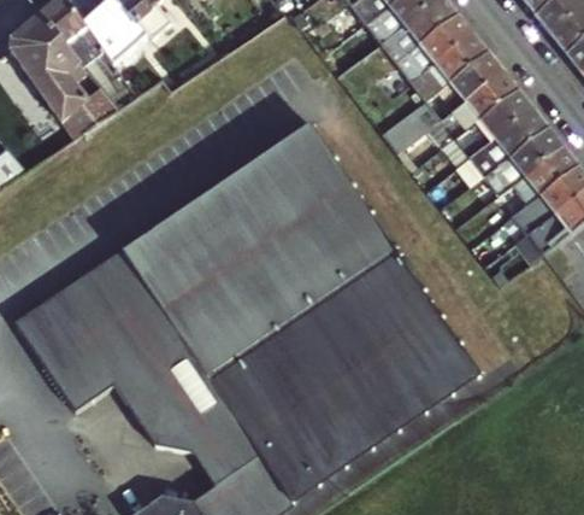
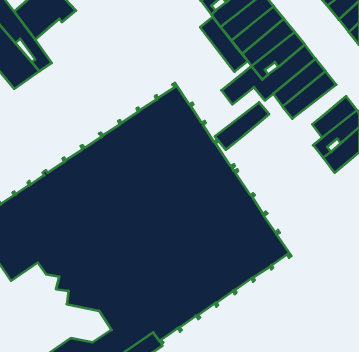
building: none -> [200,17,248,72]
building: [480,124,559,193] -> [215,102,269,150]

